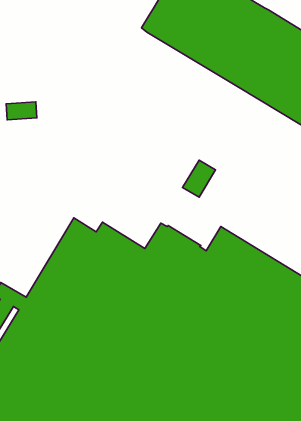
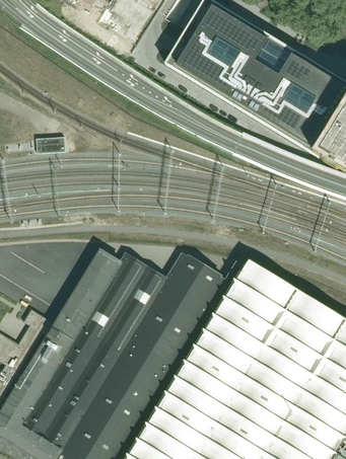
building: [183,160,216,197] -> none

